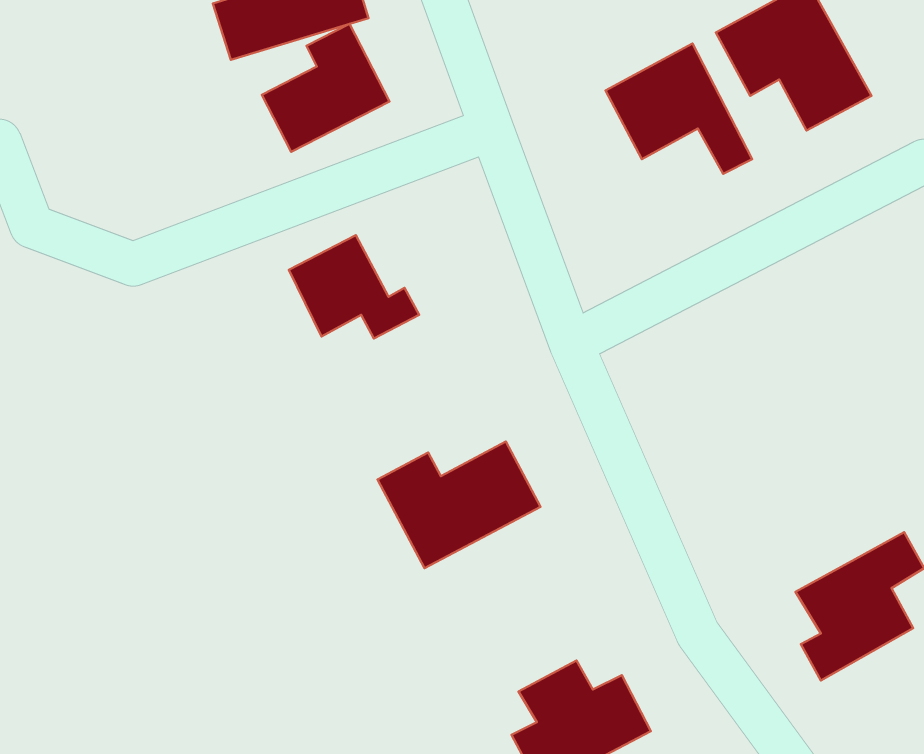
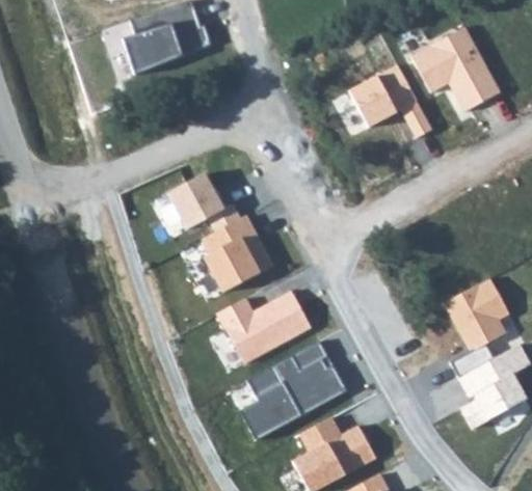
building: [262,24,389,152] -> none
building: none -> [204,215,271,292]
building: none -> [443,276,509,377]
building: none -> [241,343,345,437]

